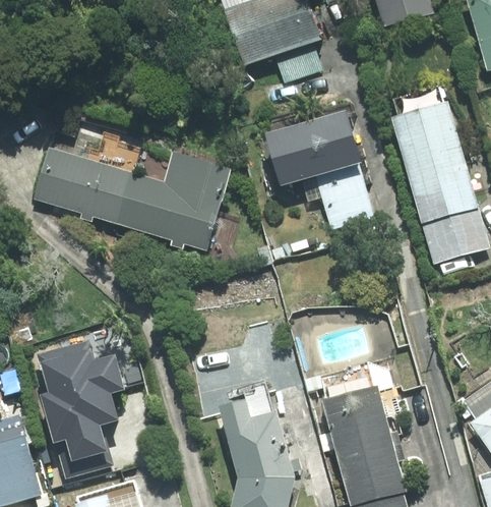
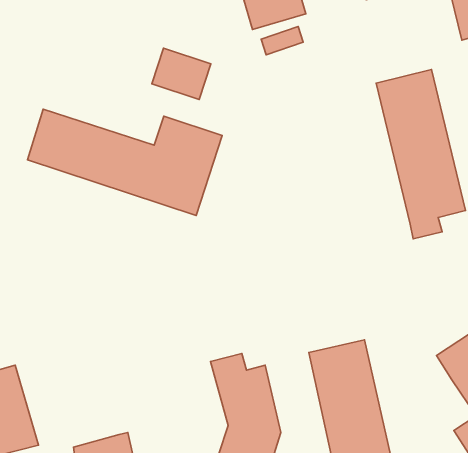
building: none -> [152,48,211,99]
building: [268,111,370,227] -> none
building: [40,361,122,483] -> none

